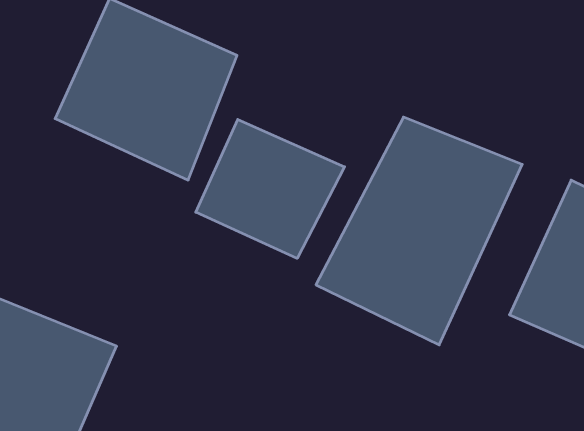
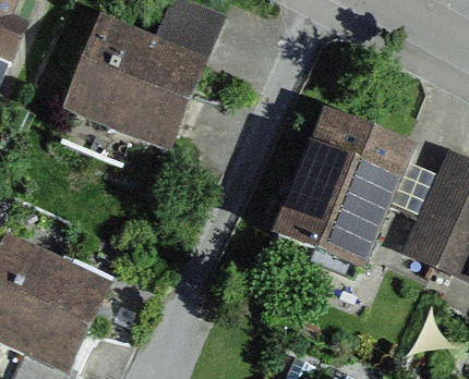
building: [196,119,345,258] -> none

